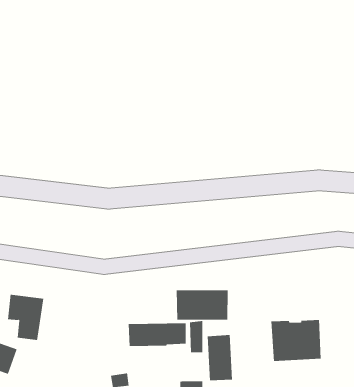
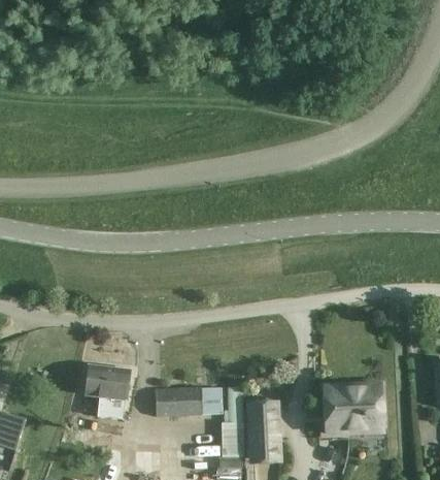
building: [176,290,228,320] -> none
building: [7,294,44,341] -> [86,365,129,420]
building: none -> [221,423,243,456]

